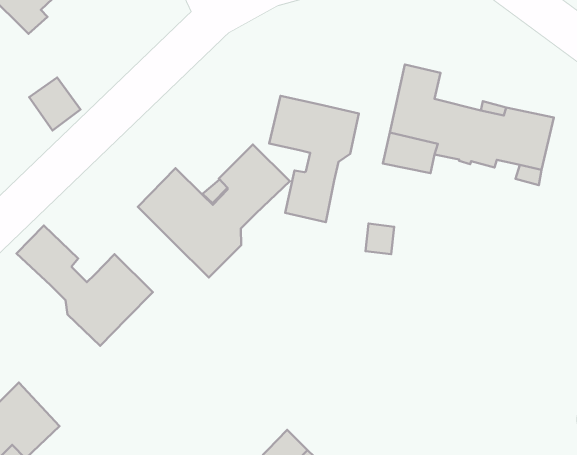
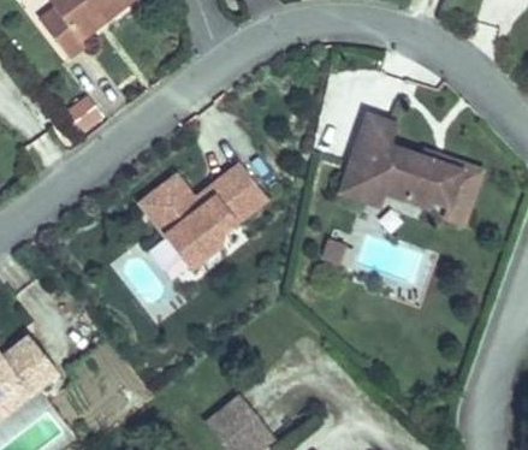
building: [269,96,359,222] -> none
building: [17,225,153,346] -> none

